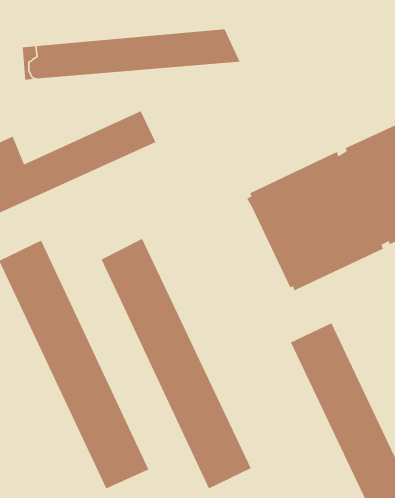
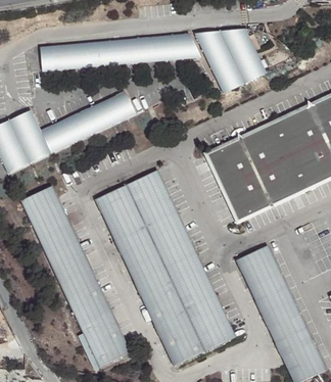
building: none -> [192,28,264,93]
building: none -> [127,170,237,351]

